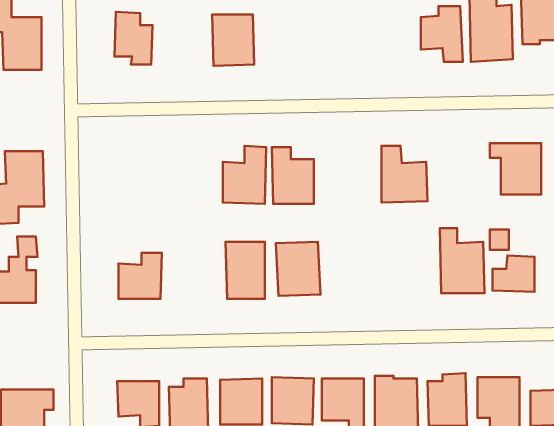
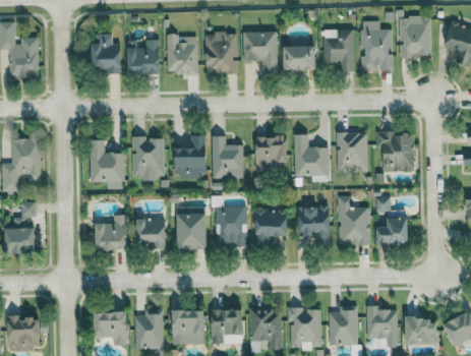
building: none -> [243,32,278,75]
building: none -> [205,33,238,74]
building: none -> [128,40,161,73]
building: none -> [284,45,317,70]
building: none -> [337,132,367,172]
building: none -> [255,135,289,171]
building: none -> [132,136,165,179]
building: none -> [91,139,124,189]
building: none -> [298,206,331,246]
building: none -> [255,210,288,247]
building: none -> [137,219,166,249]

